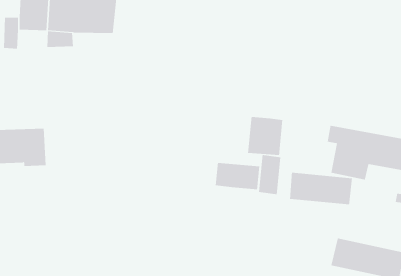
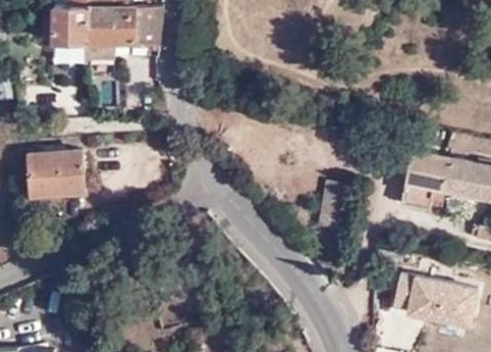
building: [247,116,283,156] -> none
building: [215,162,260,190] -> none
building: [289,172,353,205] -> none

